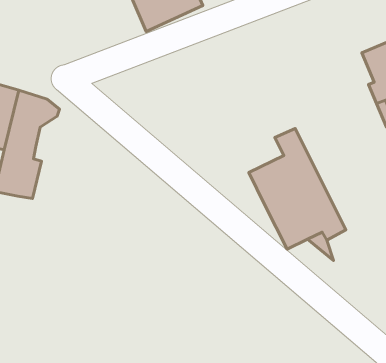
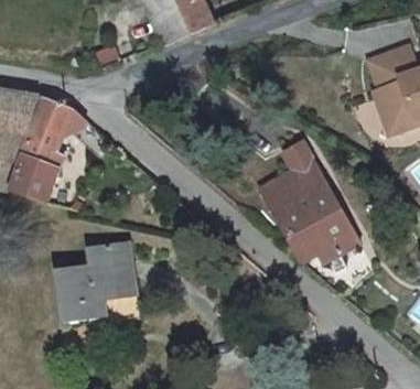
building: none -> [52,244,138,323]

